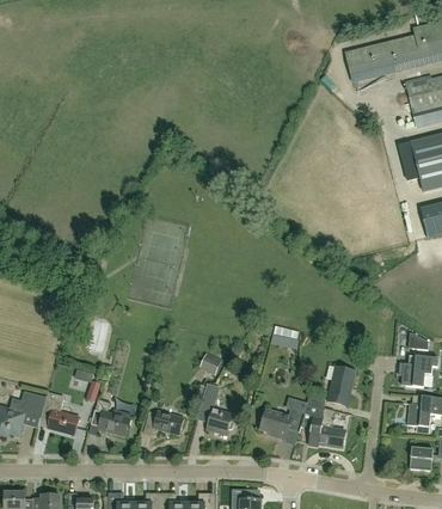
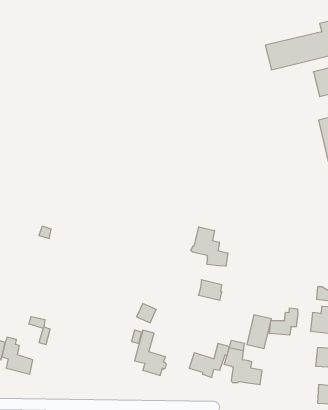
building: none -> [191,227,228,266]
building: none -> [269,308,298,335]
building: [92,399,130,436] -> none
building: [142,411,184,436] -> none

